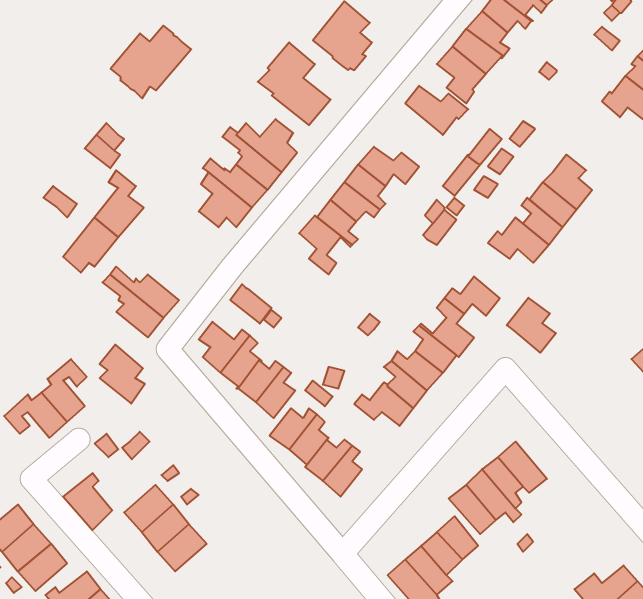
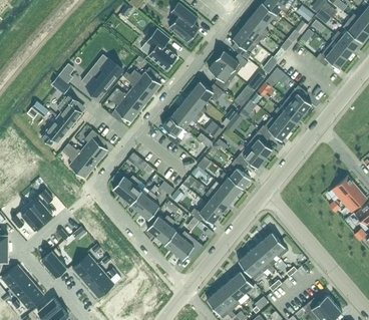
building: [111,26,191,98] -> [81,59,122,96]
building: none -> [208,60,235,91]
building: [507,298,556,353] -> [247,131,272,159]
building: [100,345,145,404] -> [84,130,107,161]

